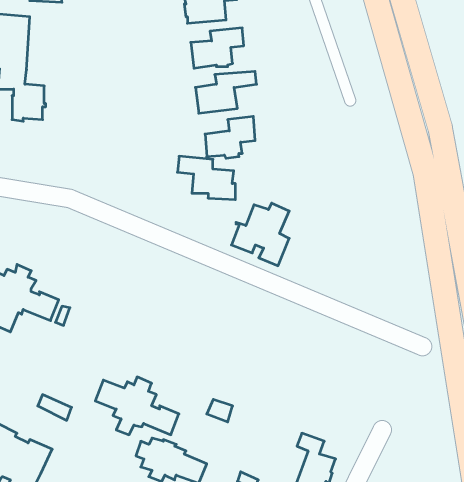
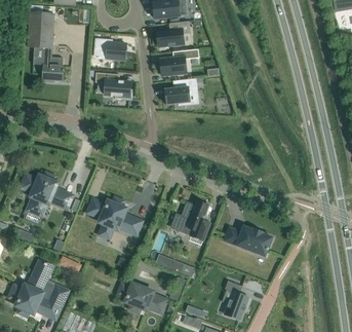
building: none -> [95,39,126,60]
building: [177,156,235,200] -> [95,72,132,100]
building: [231,203,289,266] -> [172,200,209,241]
building: none -> [224,226,273,256]
building: [95,377,179,435] -> [88,197,142,234]

